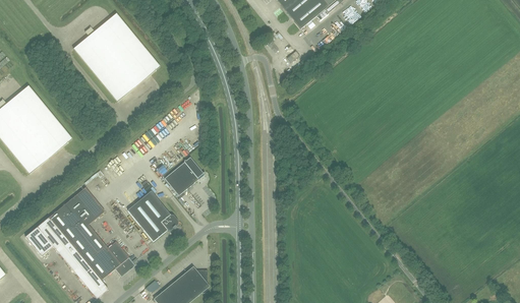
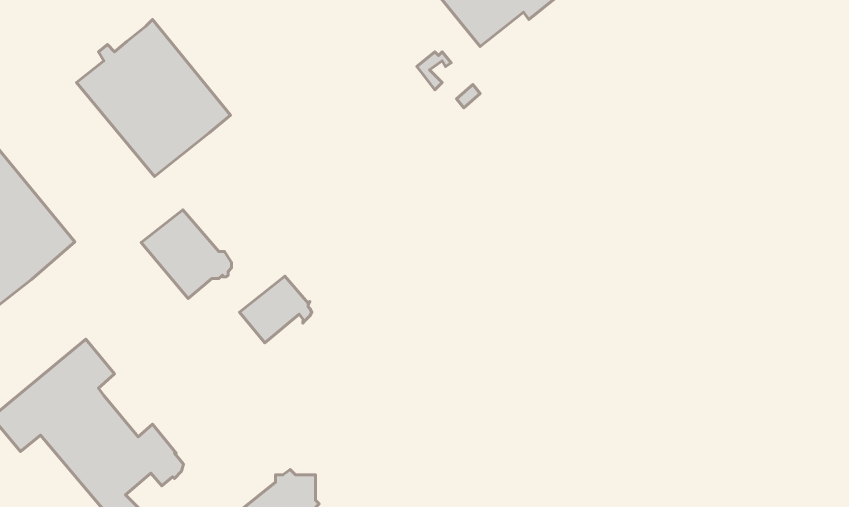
building: [127,190,178,240] -> [141,210,232,299]

